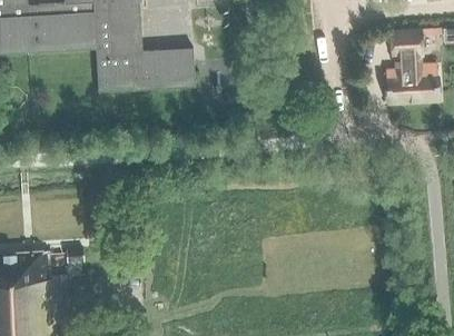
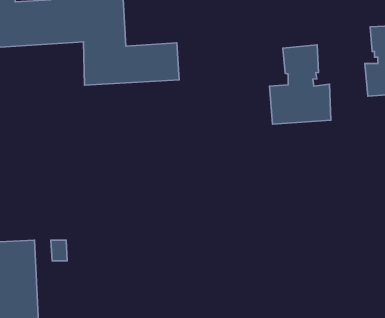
building: none -> [270,45,331,124]

